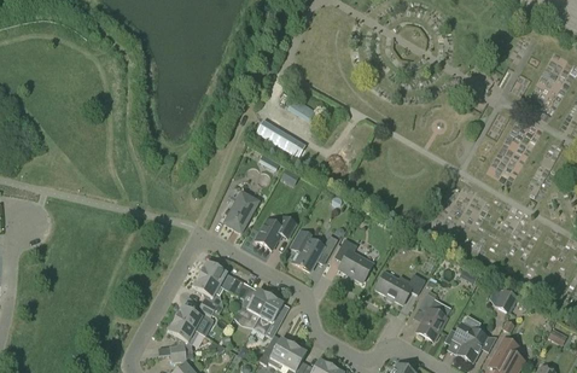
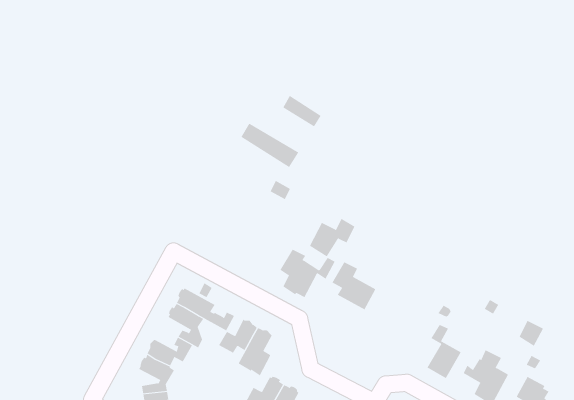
building: [223,191,257,232] -> none
building: [255,215,295,249] -> [309,218,355,257]
building: [374,270,425,303] -> none

